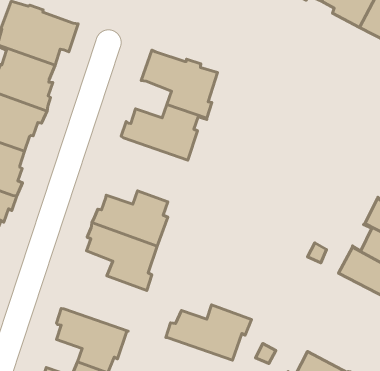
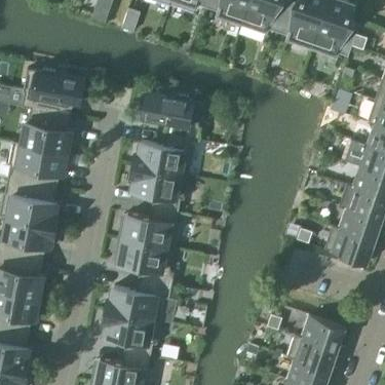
building: none -> [130,164,189,211]
building: [166,305,251,360] -> [105,278,171,320]

